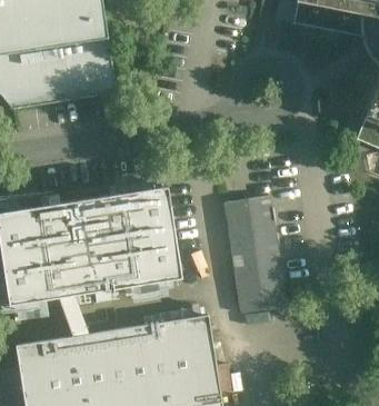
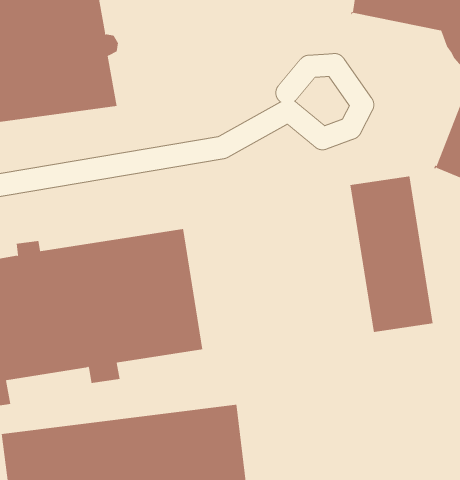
building: [222,195,286,313] -> [350,176,434,332]

